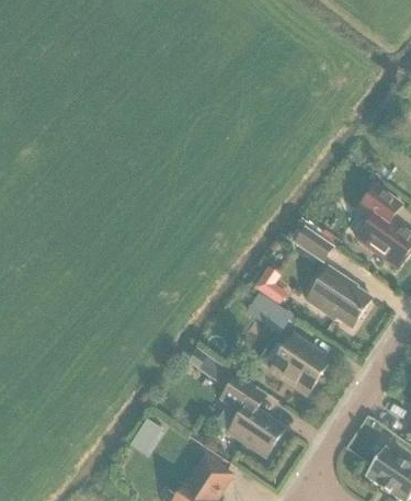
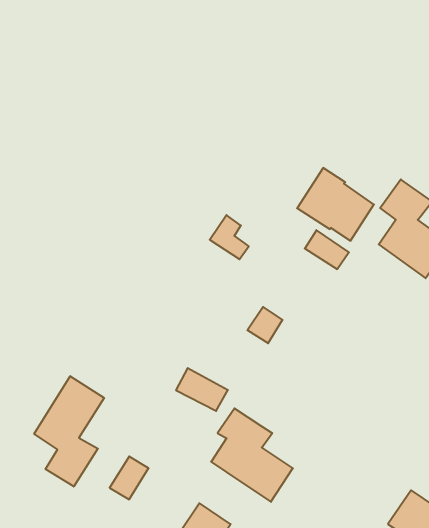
building: [254,265,287,303] -> [210,215,249,259]
building: [307,266,372,328] -> [297,168,374,241]
building: [259,331,330,395] -> none
building: none -> [34,376,104,487]

